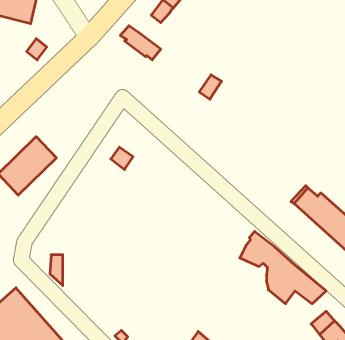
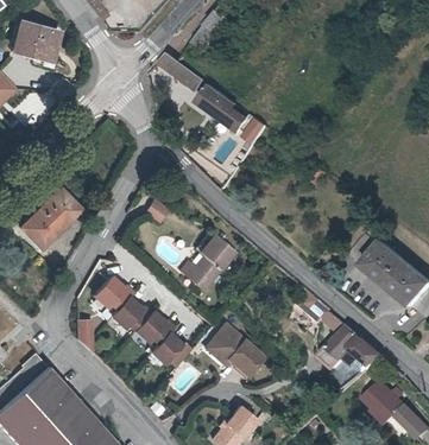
building: none -> [196,94,245,142]
building: none -> [188,234,239,290]
building: none -> [95,275,191,365]
building: none -> [212,323,264,376]

